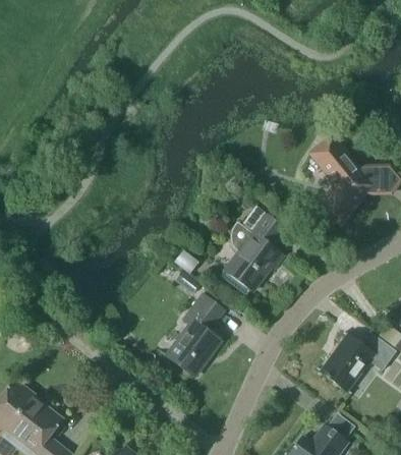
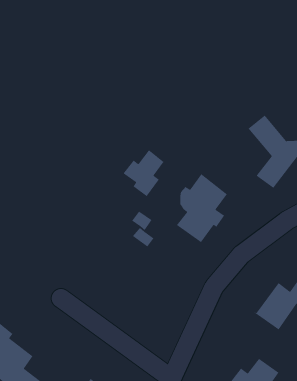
building: none -> [123,149,164,197]
building: [166,293,224,377] -> none

